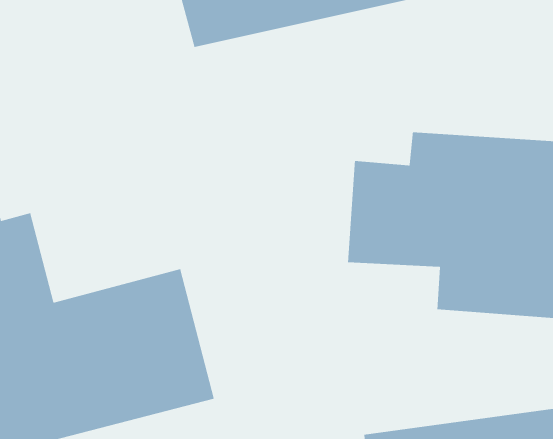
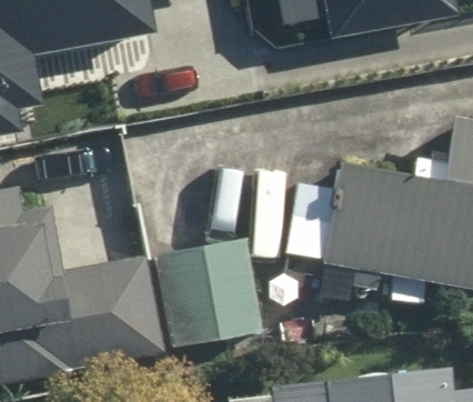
building: none -> [163,234,262,348]

